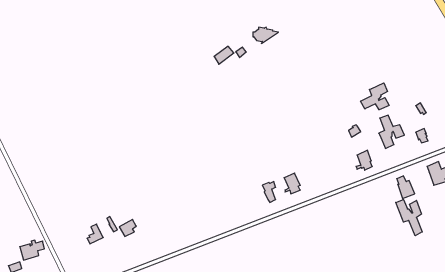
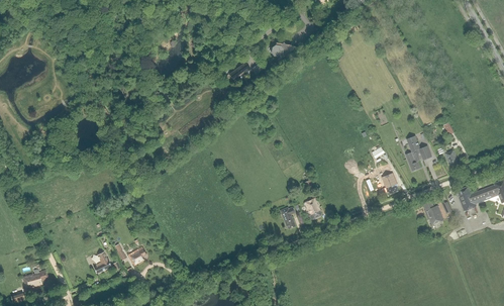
building: [361,83,389,110] -> none
building: [396,199,422,236] -> none

